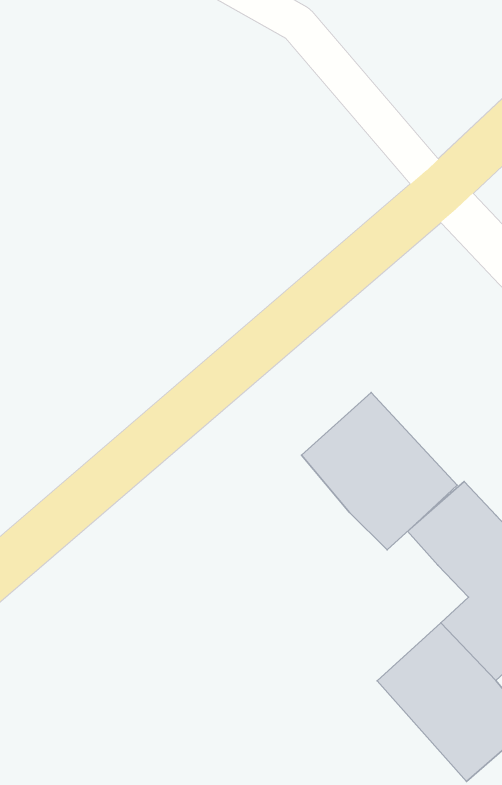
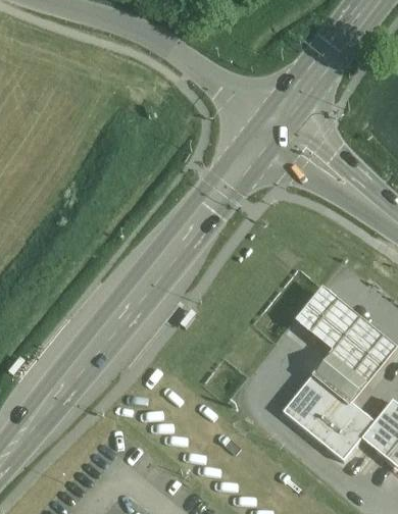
building: [301,392,457,550] -> none

